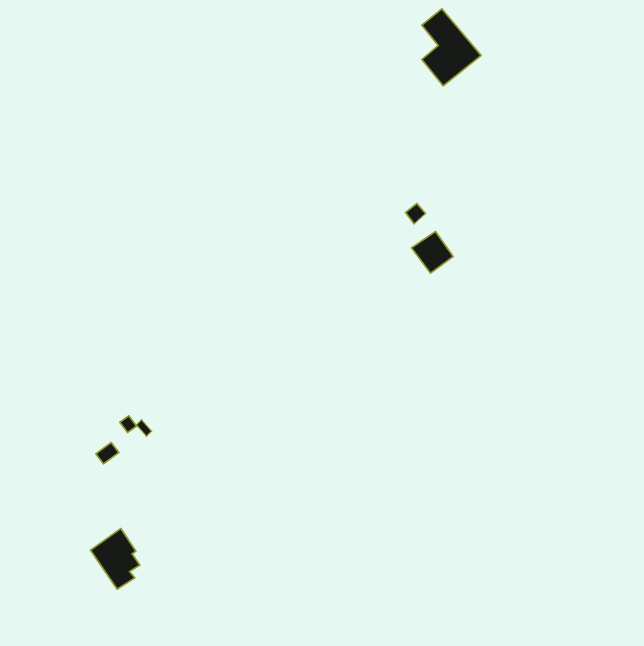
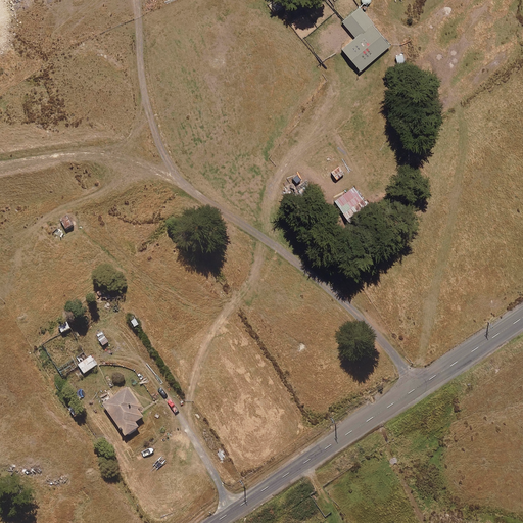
building: [90,529,140,589] -> [103,389,143,438]

